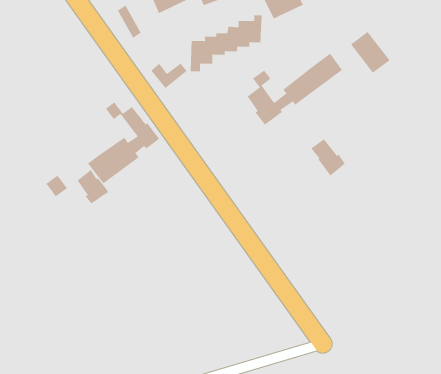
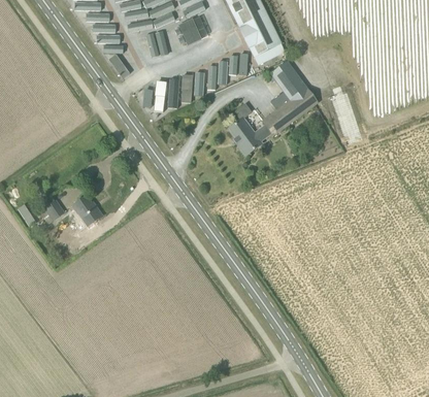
building: [350,31,390,74] -> [269,60,306,99]
building: [87,102,160,184] -> none
building: [310,139,345,177] -> none

